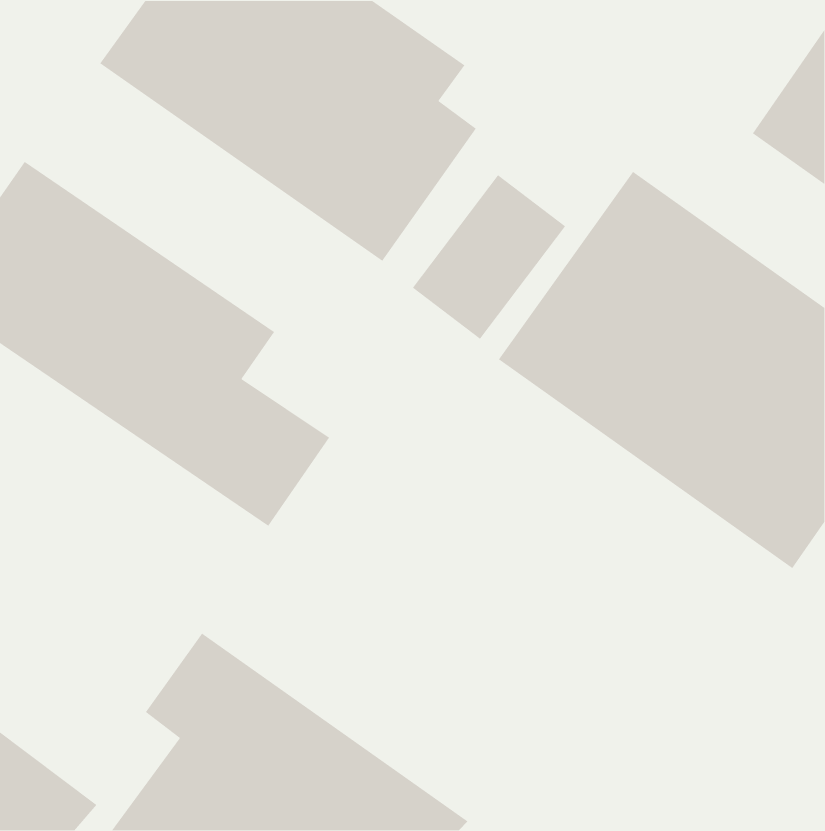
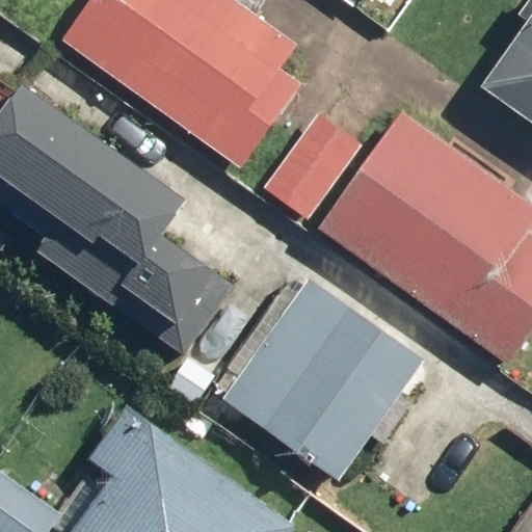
building: none -> [222,277,425,480]

